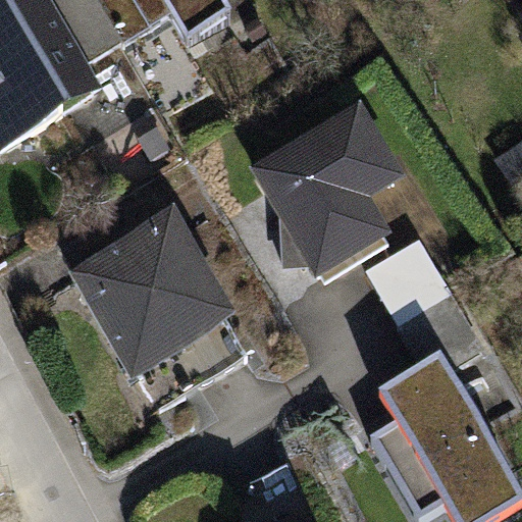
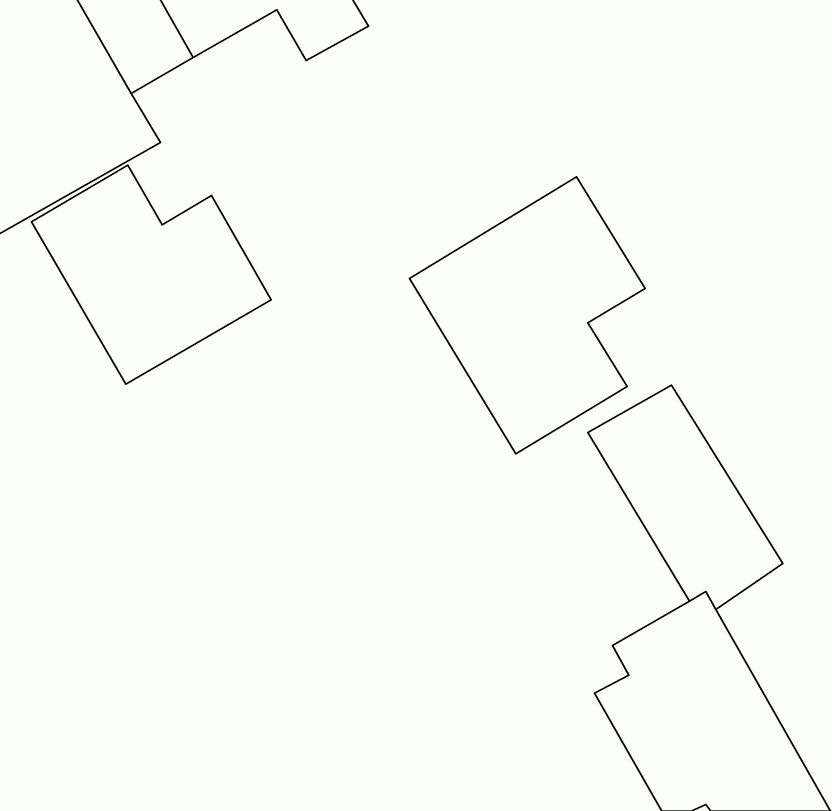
building: none -> [31,165,271,384]
building: [68,211,240,398] -> none

